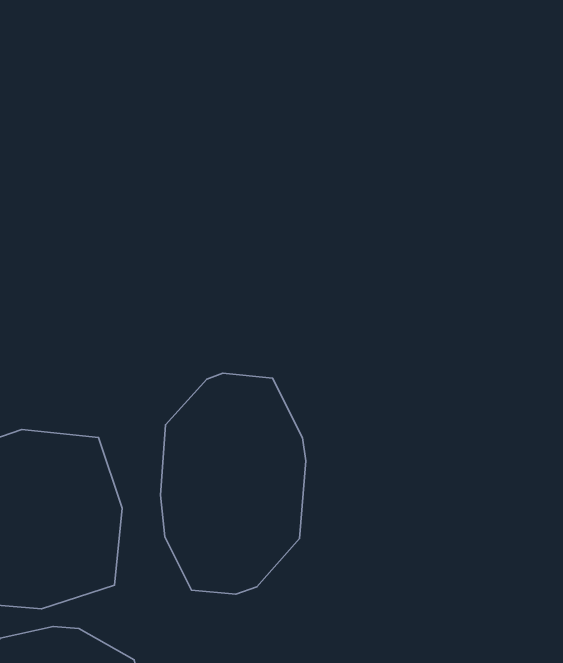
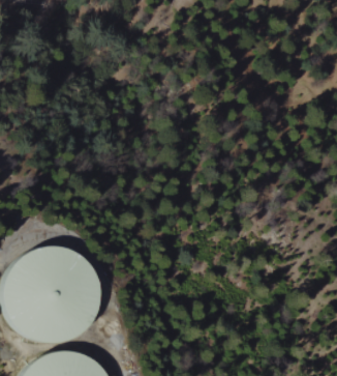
building: [160,373,306,594] -> none

